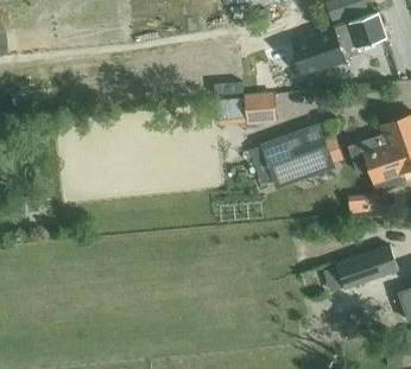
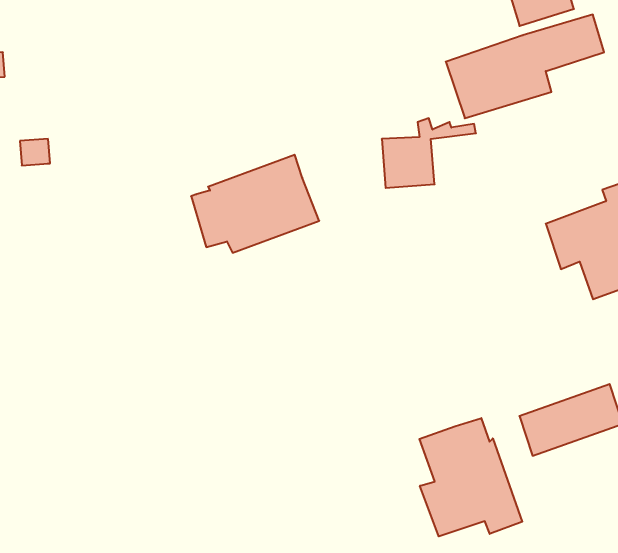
building: [251,125,331,186] -> [191,155,319,253]
building: none -> [419,418,522,536]

